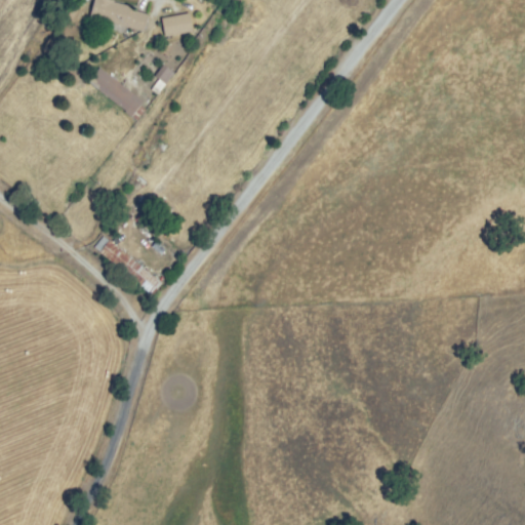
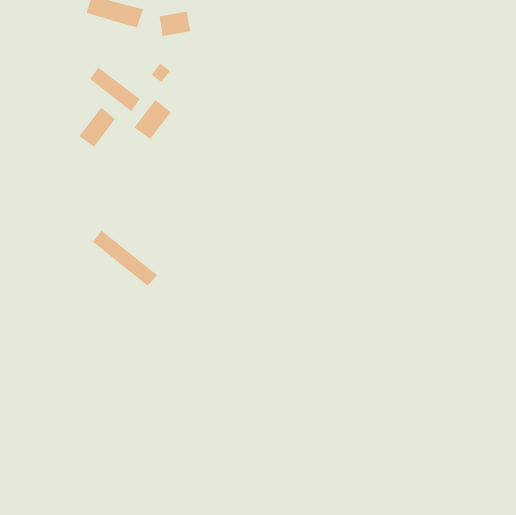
building: none -> [134,99,172,140]
building: none -> [78,107,116,148]

